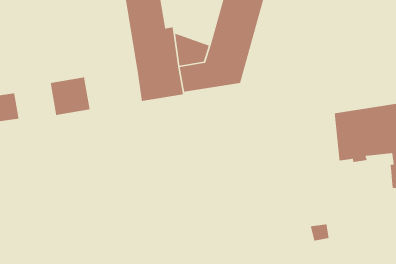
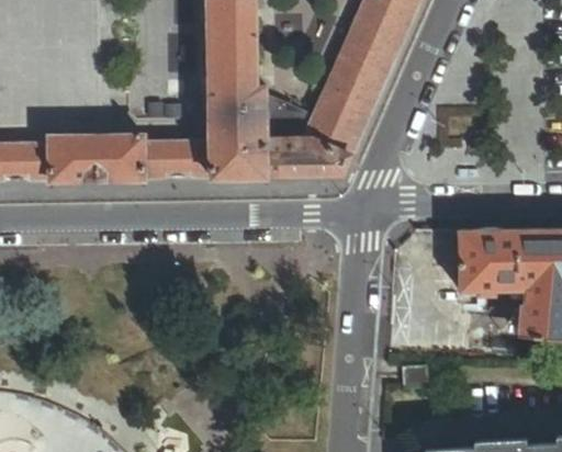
building: none -> [144,140,212,176]
building: none -> [50,136,99,180]

